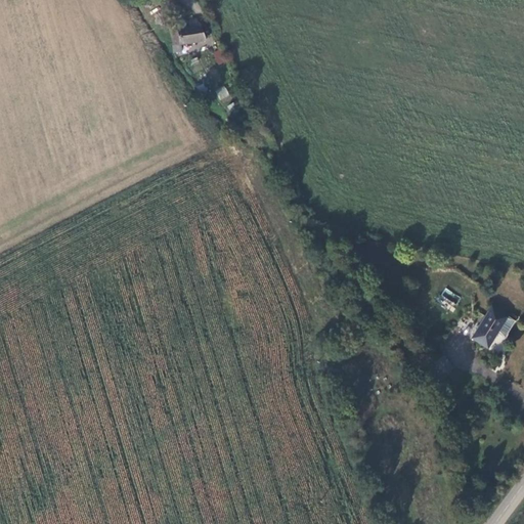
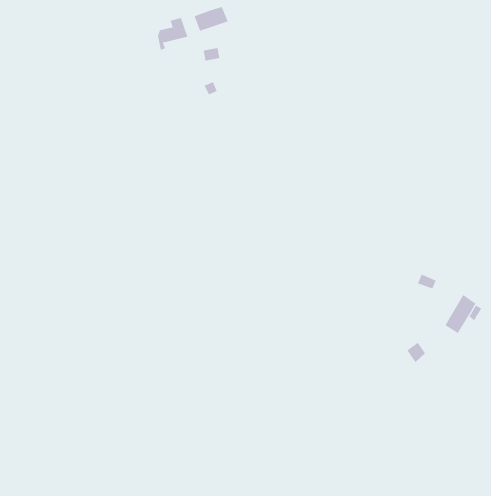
building: none -> [194,6,229,31]

